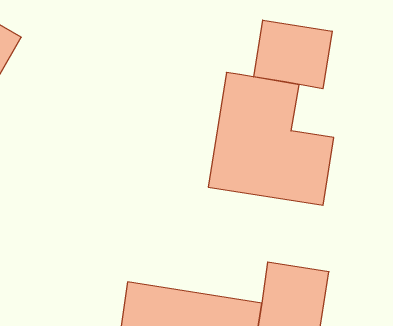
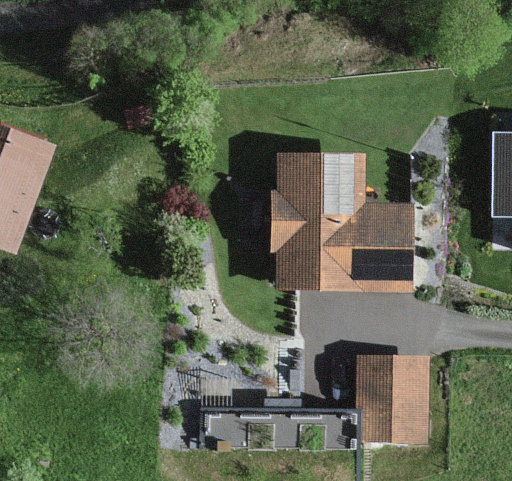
building: [254,20,332,89] -> none

